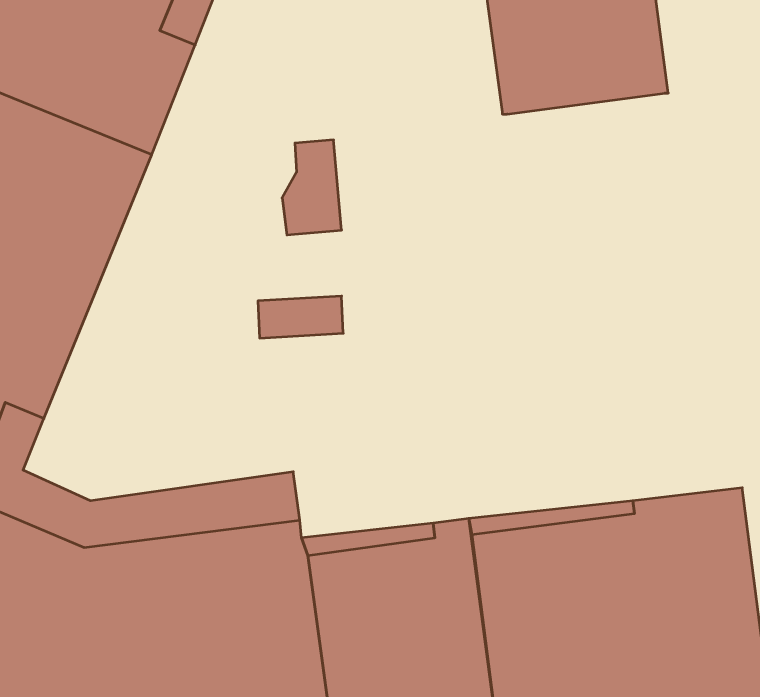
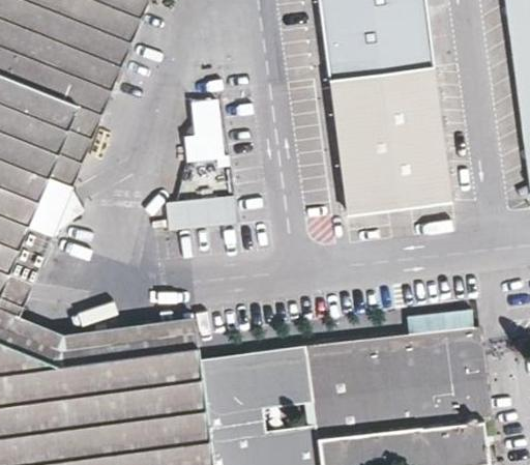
building: none -> [331,70,450,217]

